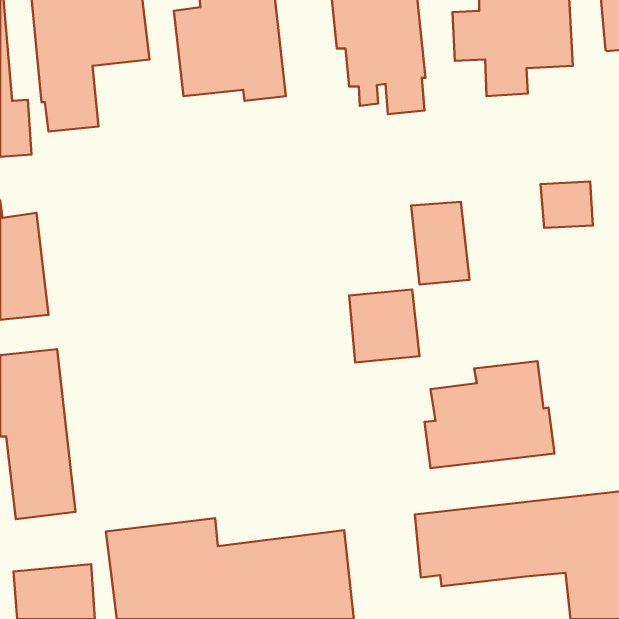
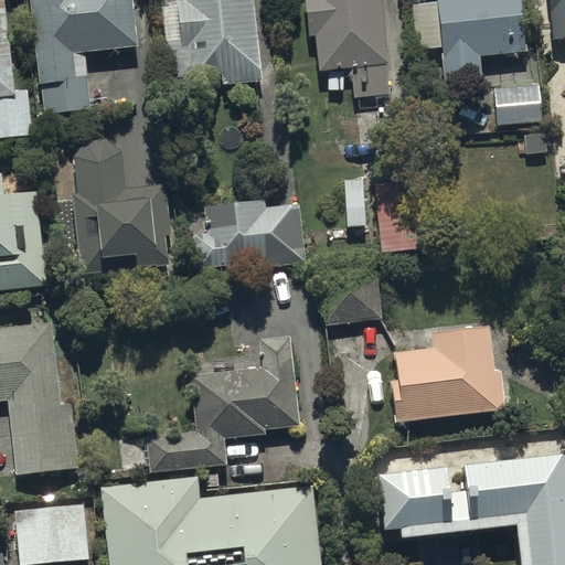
building: none -> [71,158,171,282]
building: [540,182,593,228] -> [494,88,542,130]
building: none -> [193,203,307,273]
building: none -> [148,333,301,469]

